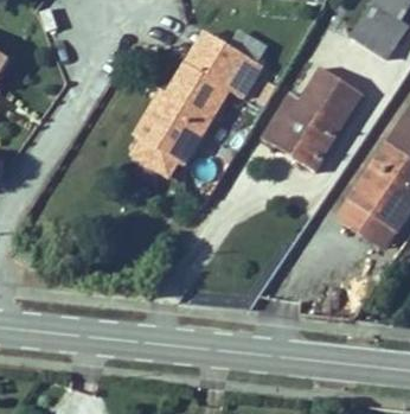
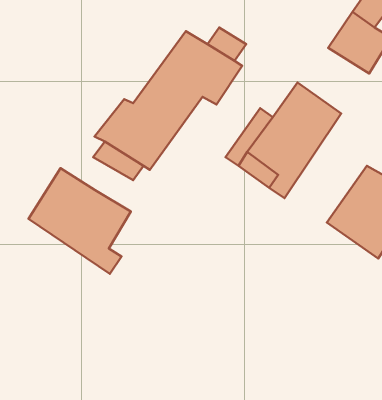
building: none -> [29,168,131,274]

